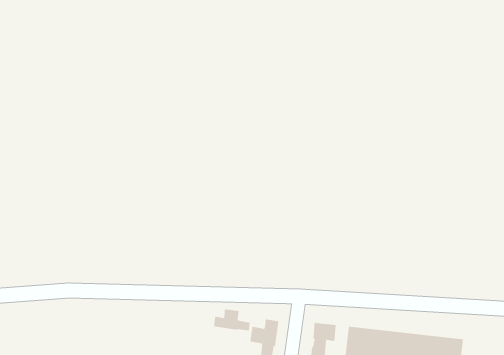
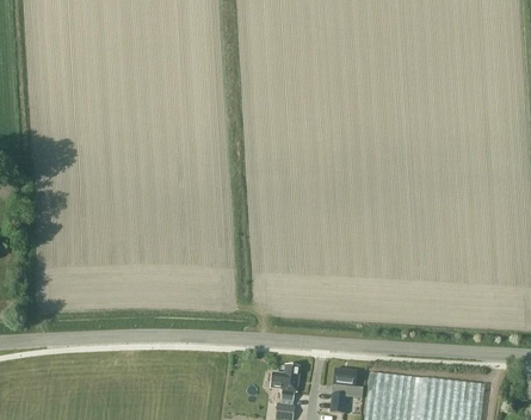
building: [213,308,250,331] -> none

